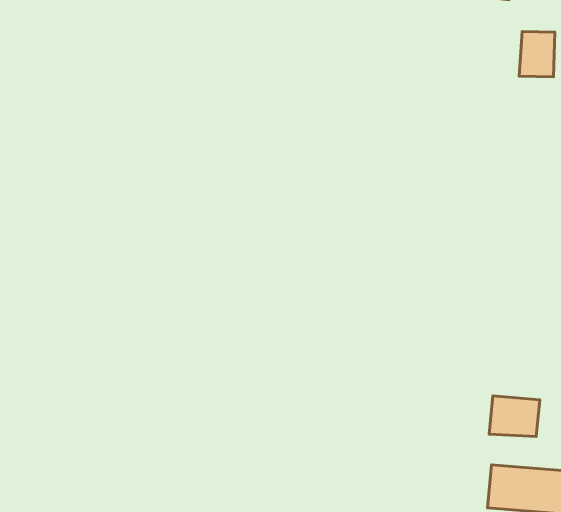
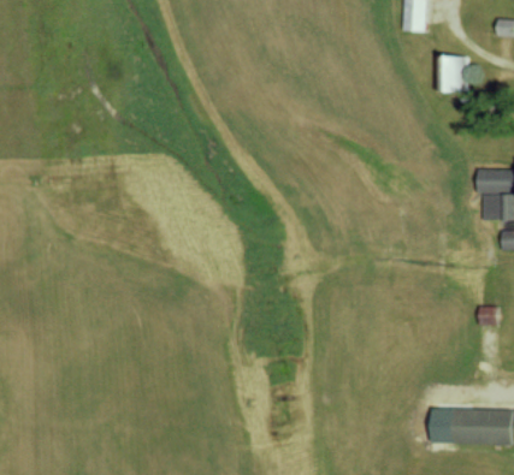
building: [489,396,540,436] -> none

